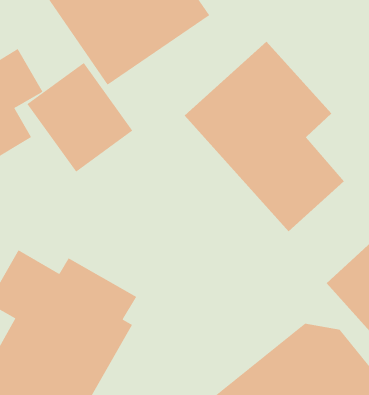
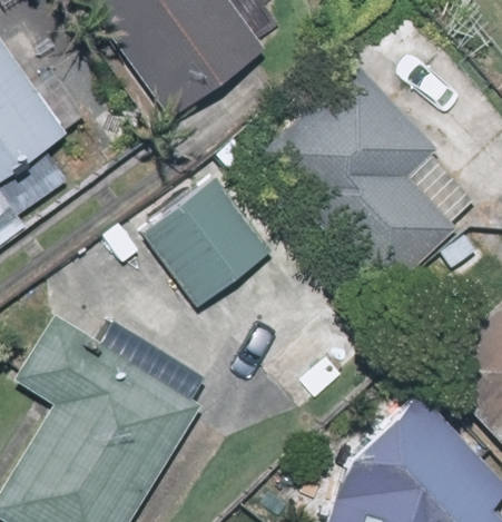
building: [27,62,133,172] -> [141,176,272,311]

